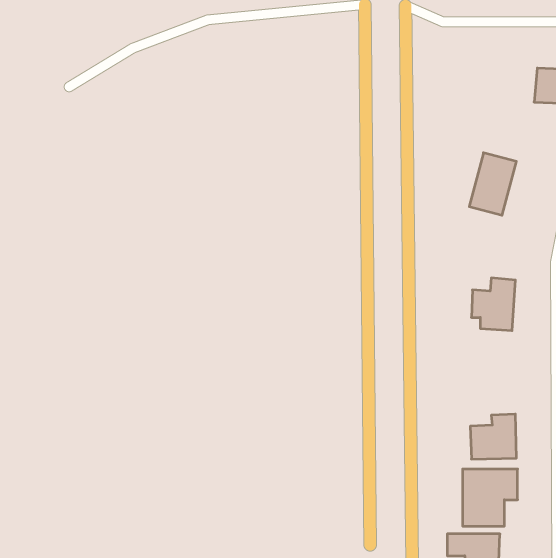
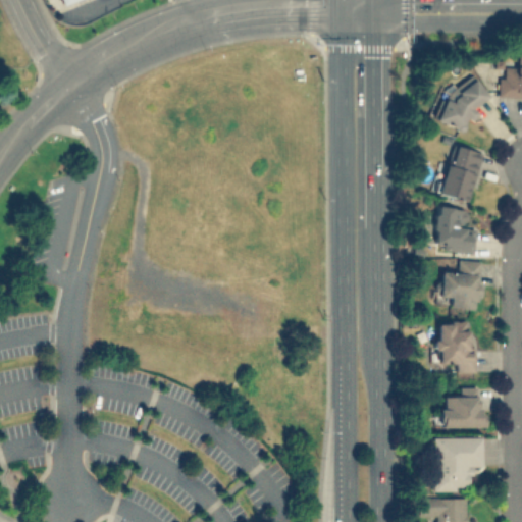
building: none -> [439,75,488,135]
building: none -> [434,208,477,253]
building: none -> [437,322,474,373]

